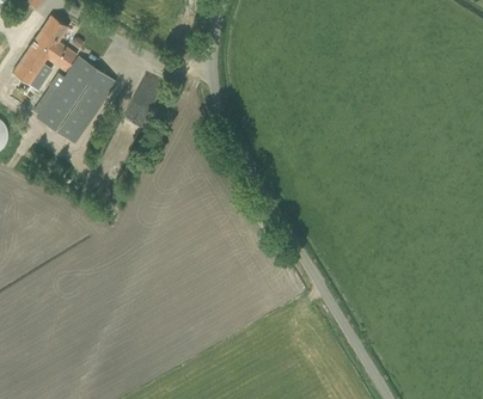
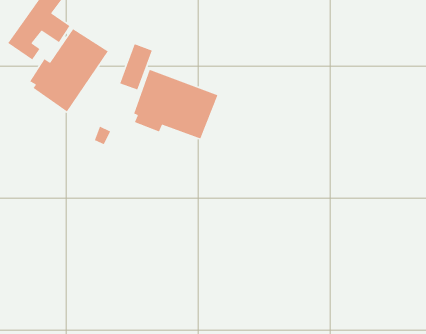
building: none -> [133,69,219,139]

